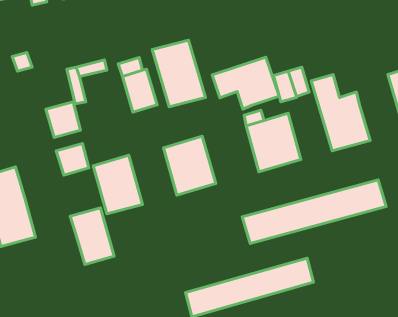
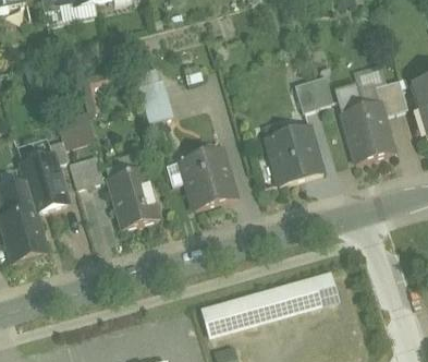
building: [152,40,205,107] -> none
building: [212,57,279,109] -> none
building: none -> [375,77,406,113]
building: [242,180,386,244] -> none
building: [70,208,114,265] -> [21,152,66,210]

